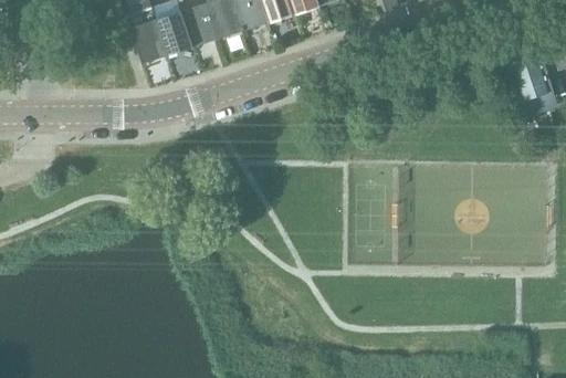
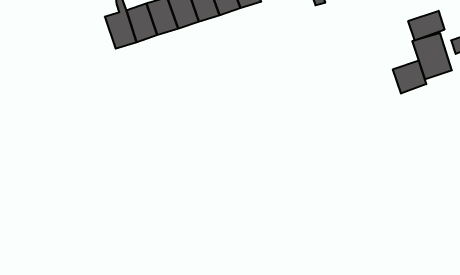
building: none -> [408,11,444,41]
building: none -> [393,61,426,94]

